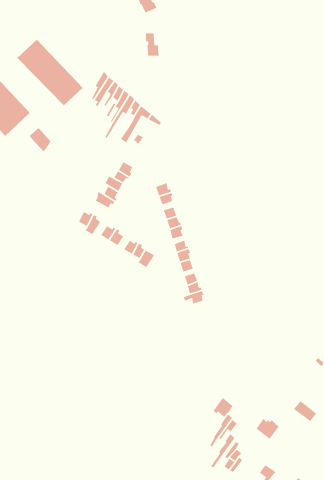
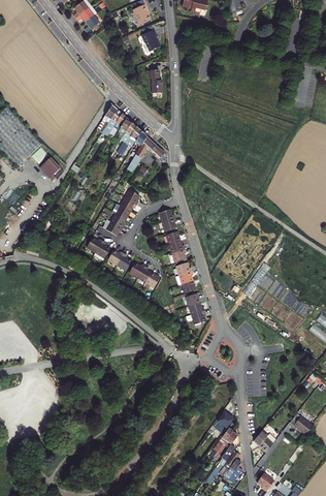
building: [16,39,83,106] -> none

